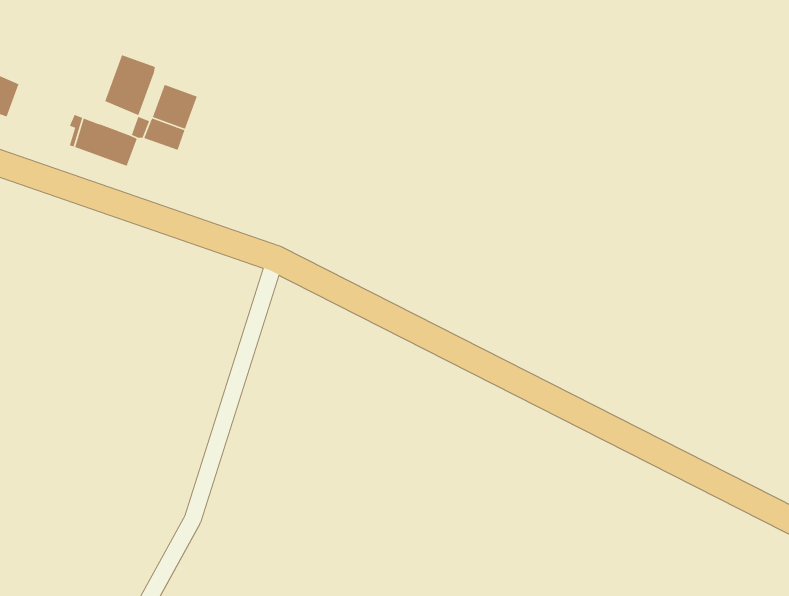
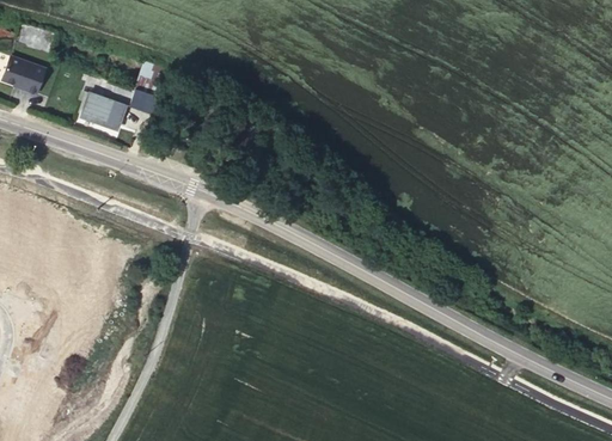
building: [104,54,156,116] -> none

